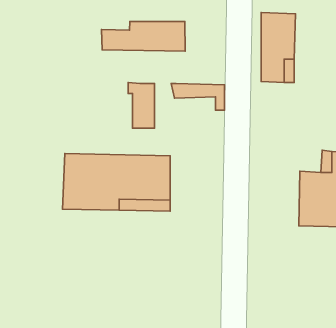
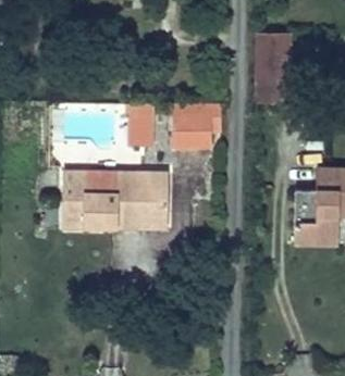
building: [101,22,185,51] -> none
building: none -> [172,116,212,146]

